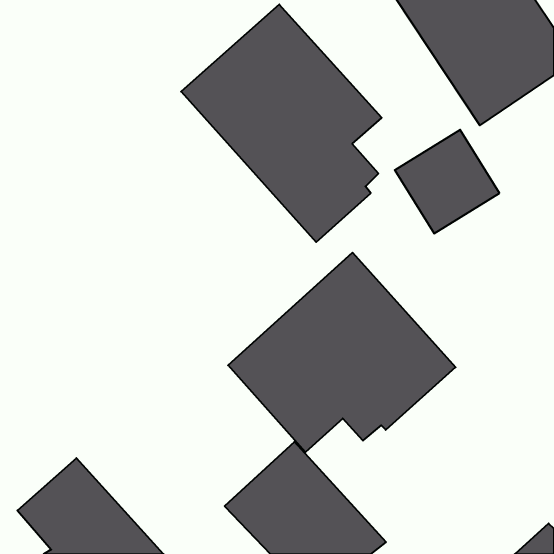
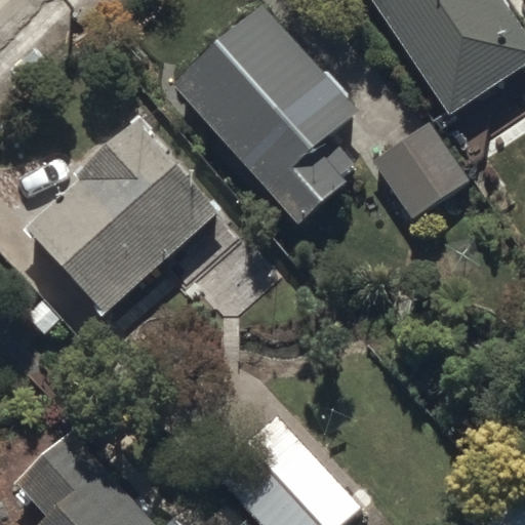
building: none -> [24,117,218,316]
building: [228,253,456,452] -> none

